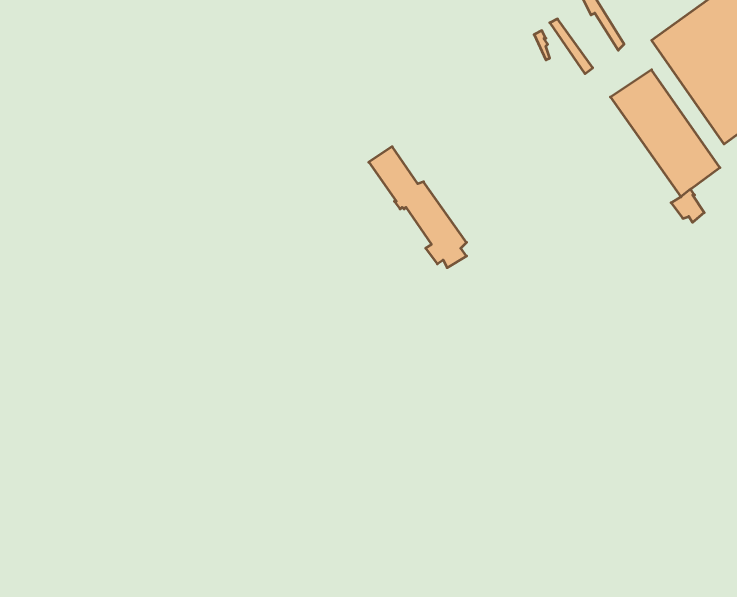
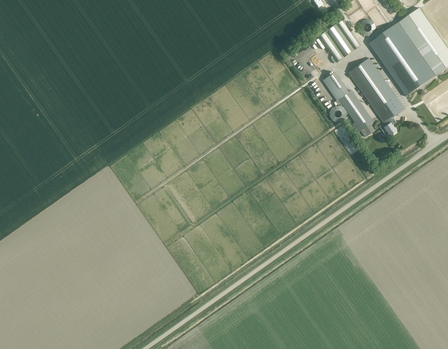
building: [369,147,467,268] -> [323,72,373,134]

